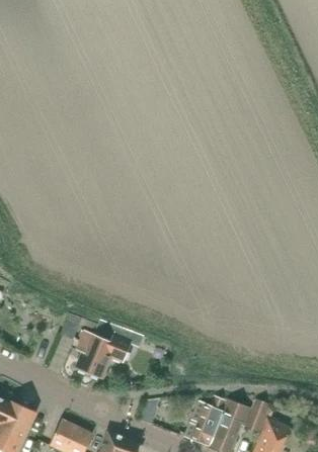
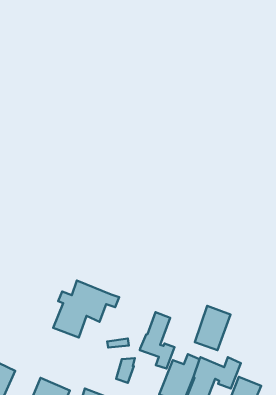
building: none -> [195,306,231,350]
building: none -> [140,312,174,368]

